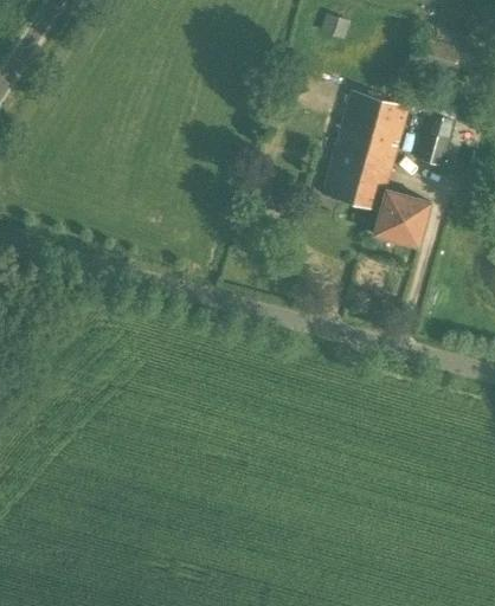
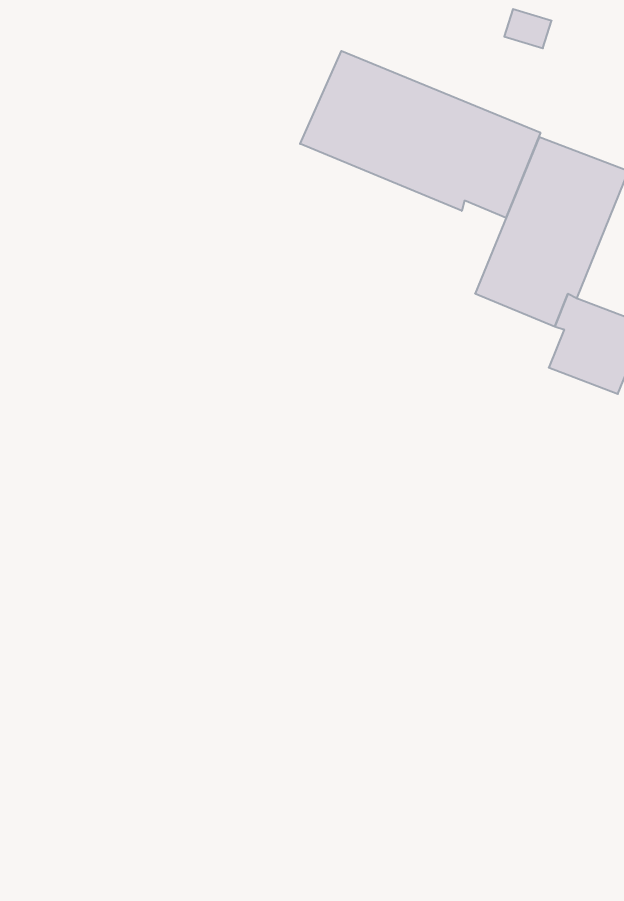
building: none -> [300,51,540,218]

